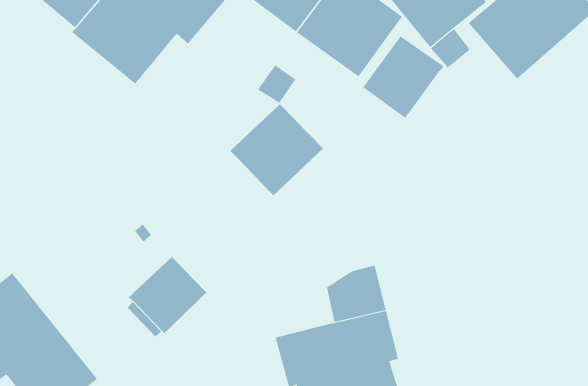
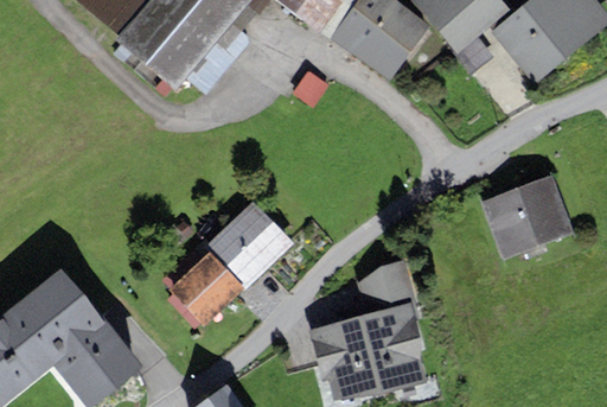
building: [363,36,444,119] -> none
building: [230,103,324,196] -> [205,201,294,288]
building: none -> [480,173,575,260]

